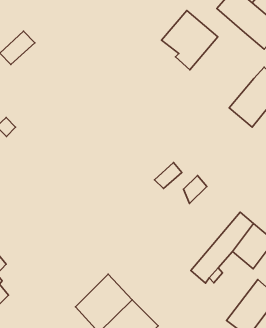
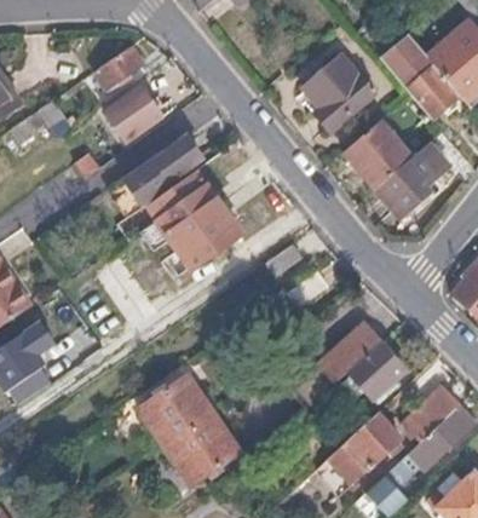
building: none -> [344,119,413,188]
building: none -> [106,85,161,138]
building: none -> [126,133,200,209]
building: none -> [140,188,231,271]

